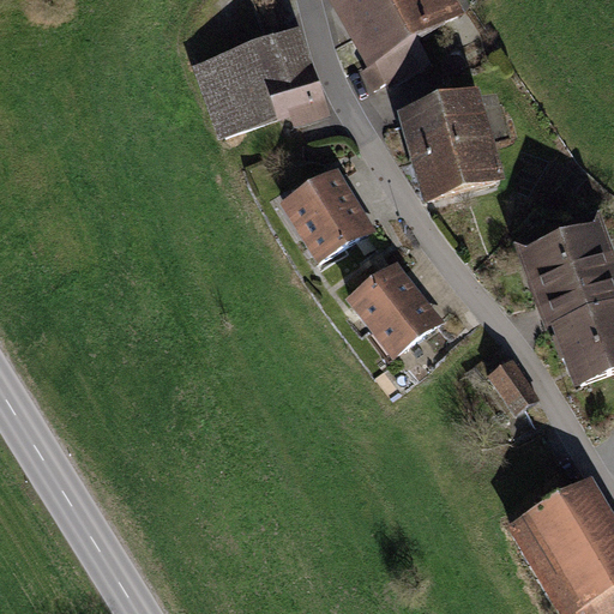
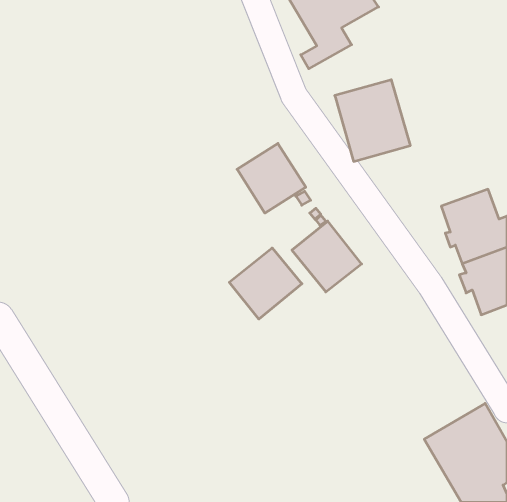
building: [199,30,323,132] -> none
building: none -> [229,248,302,319]
building: [488,357,536,410] -> none

